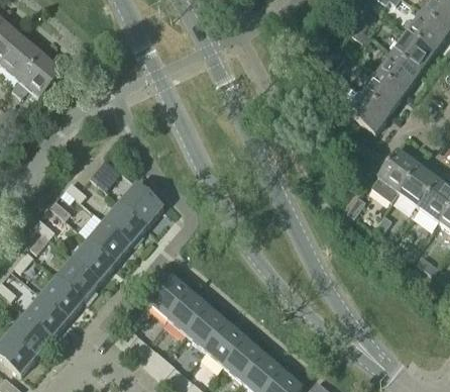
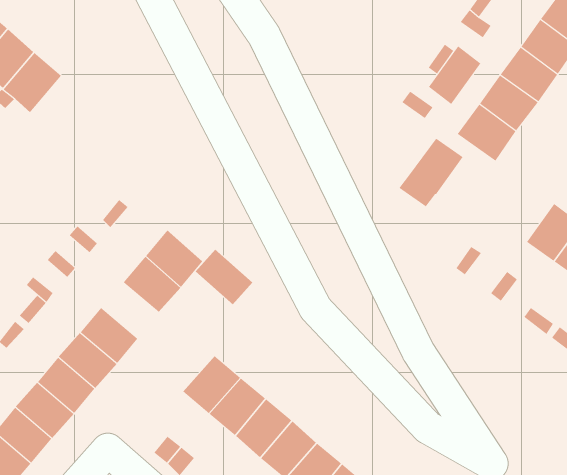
building: none -> [428,45,481,105]
building: [371,149,419,199] -> [398,138,464,207]
building: none -> [195,249,253,305]
building: [89,220,131,262] -> none

